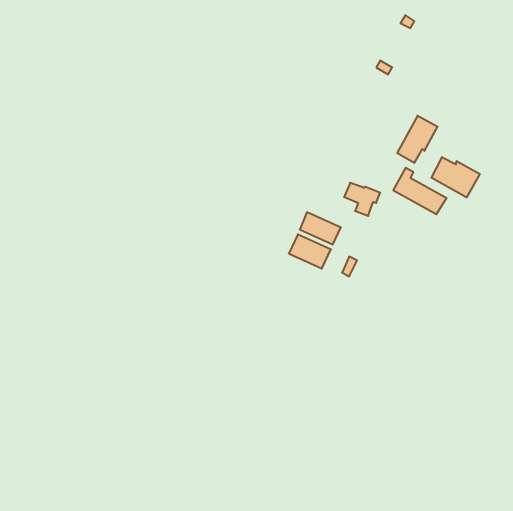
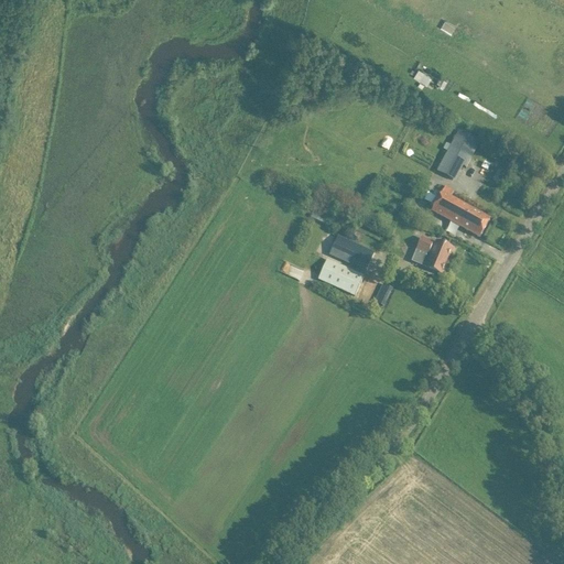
building: [431,157,480,197] -> none
building: [344,183,380,216] -> [413,235,453,271]

